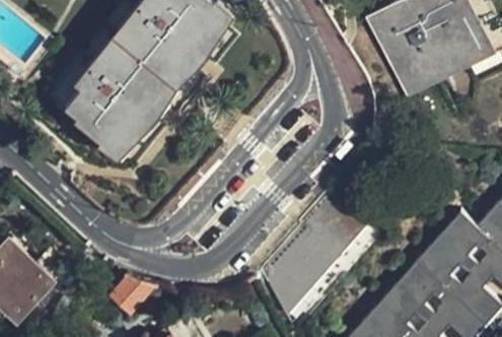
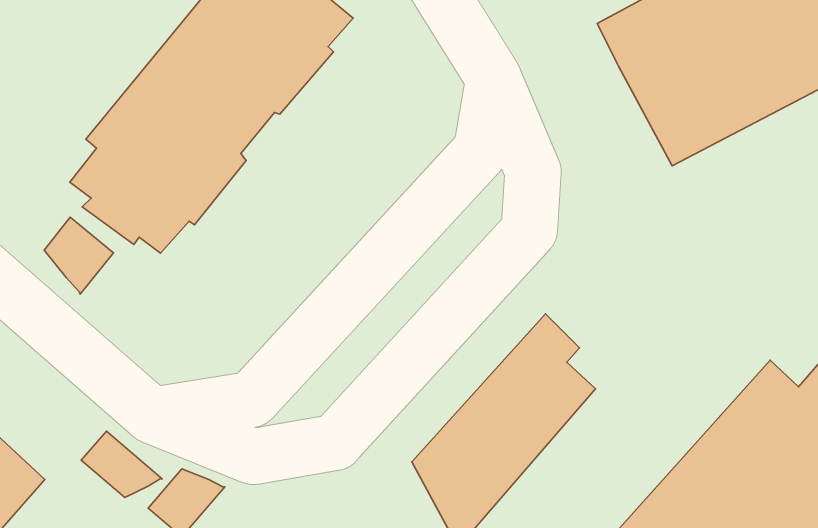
building: none -> [44,217,114,294]
building: none -> [81,431,162,498]

